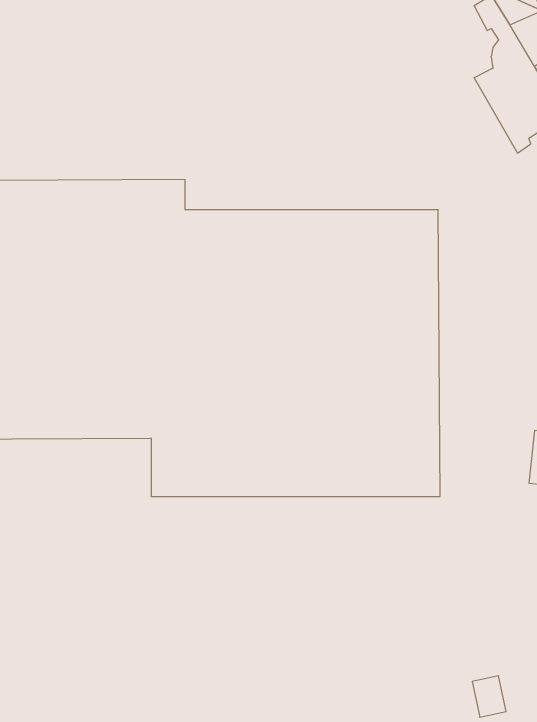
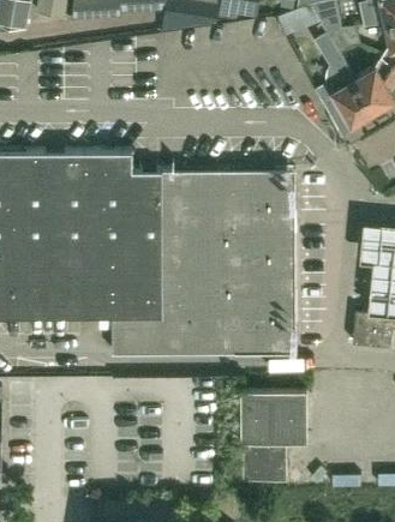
building: none -> [240,391,307,482]

